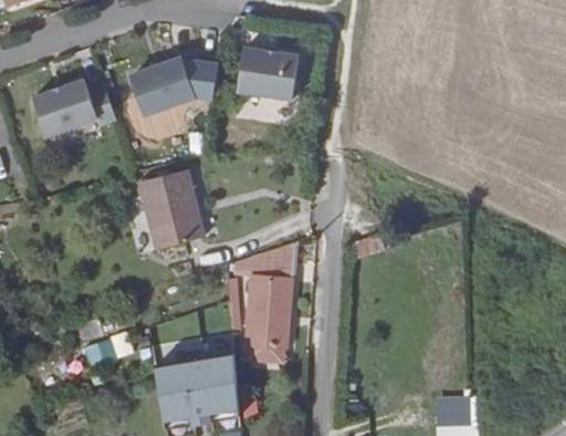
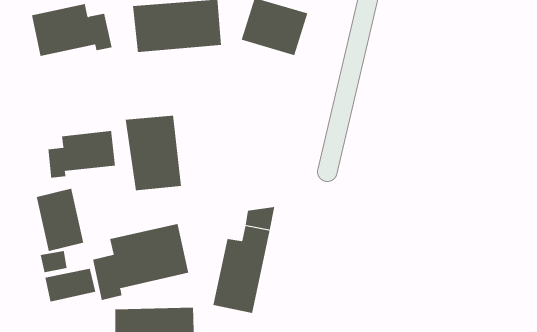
building: none -> [48,130,115,179]
building: none -> [36,188,84,252]
building: none -> [92,223,189,301]

